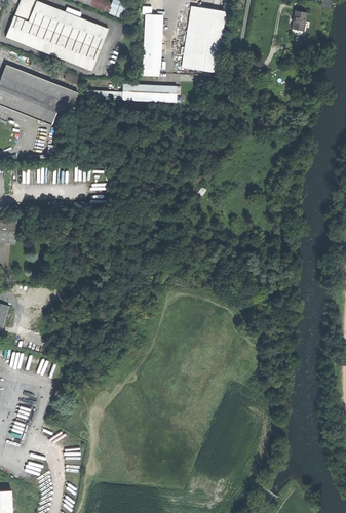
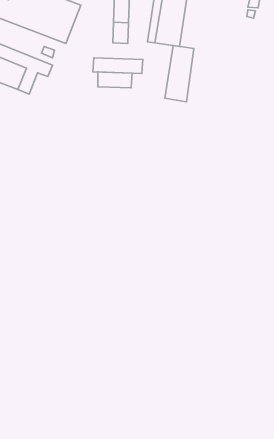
building: none -> [165,46,194,102]
building: none -> [98,72,132,88]

